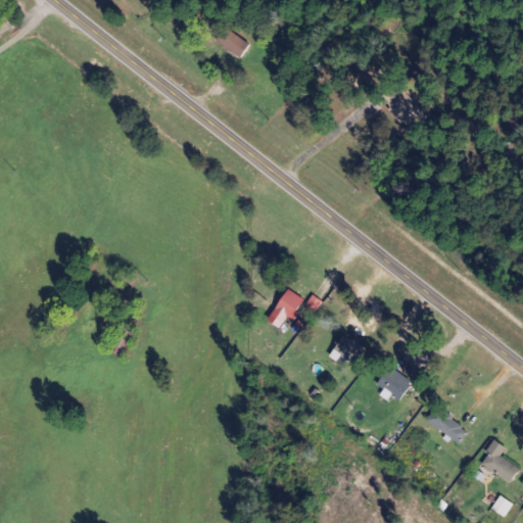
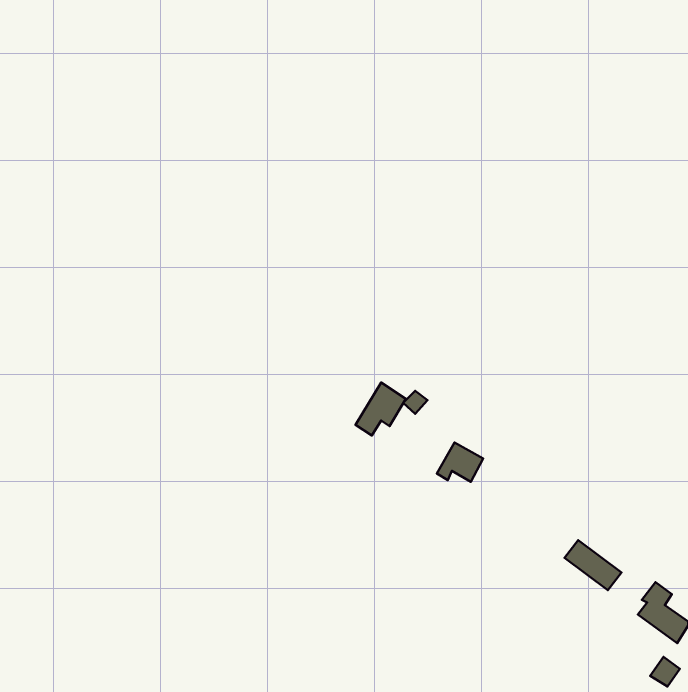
building: [216,26,250,57] -> none
building: [377,366,412,400] -> none

